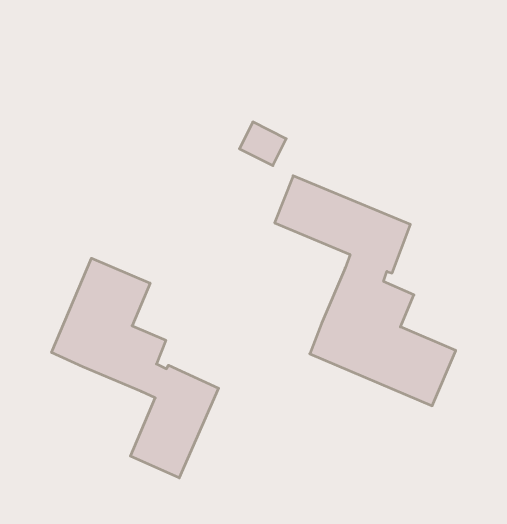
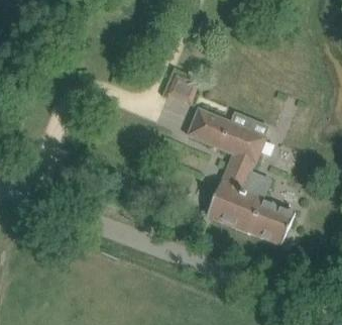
building: [52,258,219,478] -> none

